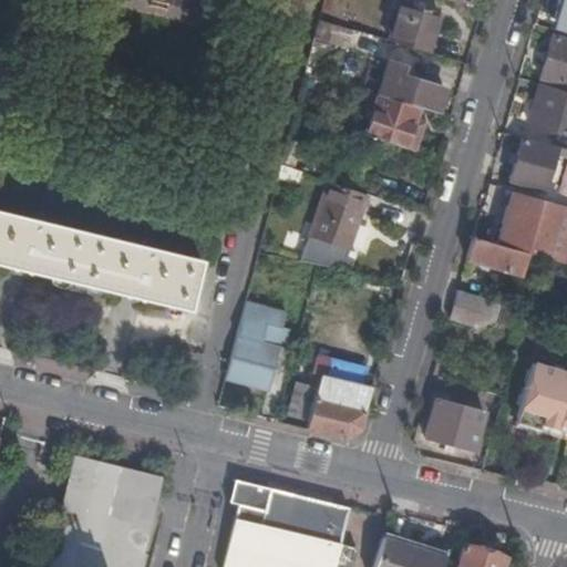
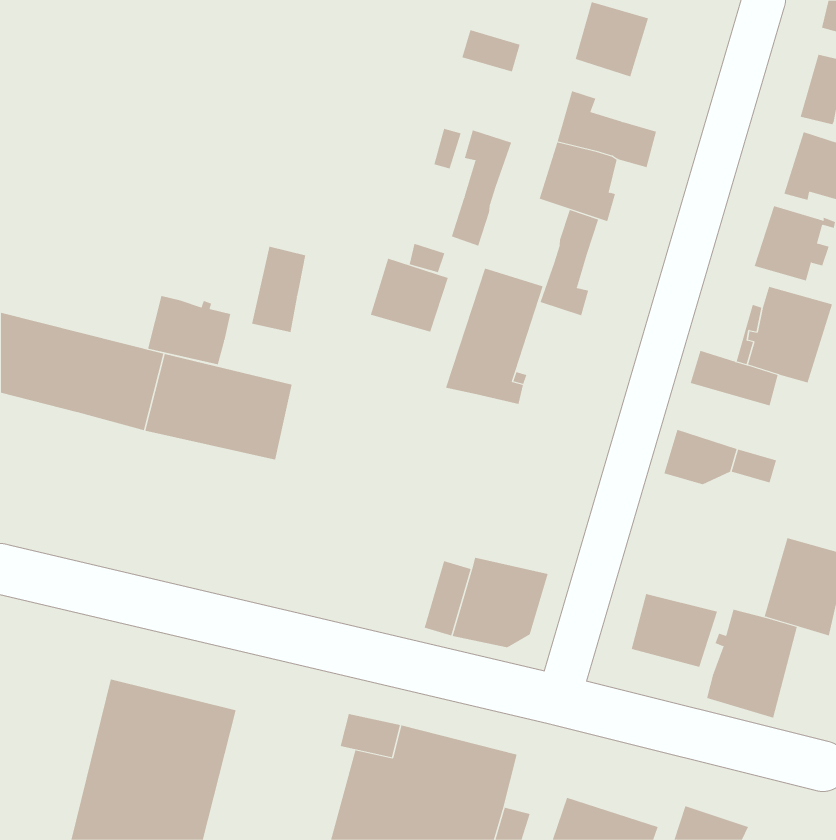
building: none -> [451,129,512,247]
building: none -> [540,209,599,316]
building: none -> [252,246,306,333]
building: none -> [370,258,449,333]
building: none -> [147,295,231,365]
building: [225,292,291,390] -> none
building: none -> [706,609,798,718]

